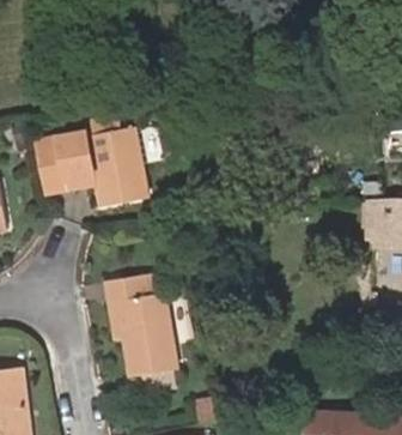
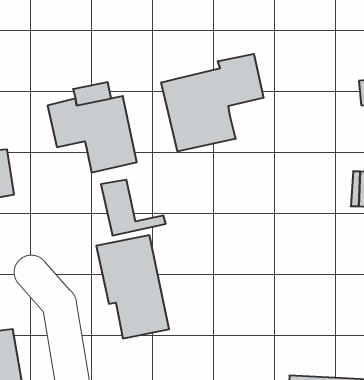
building: none -> [161,54,264,151]
building: [28,134,95,192] -> [101,180,166,235]

